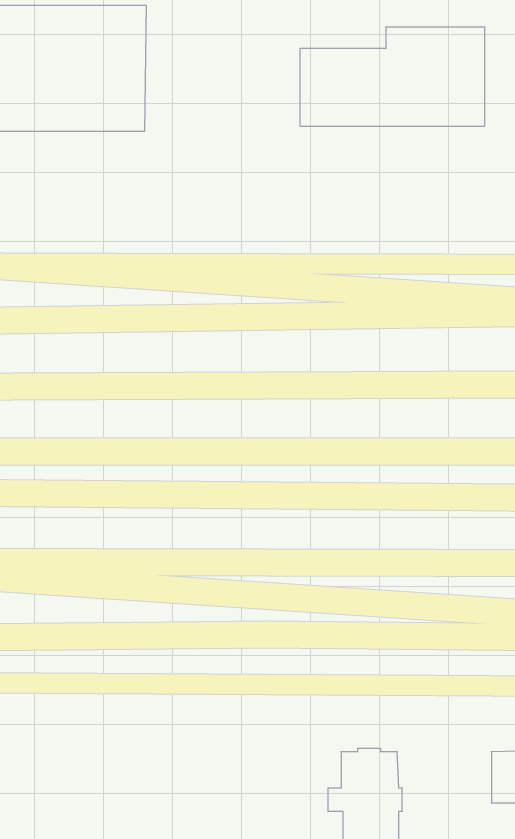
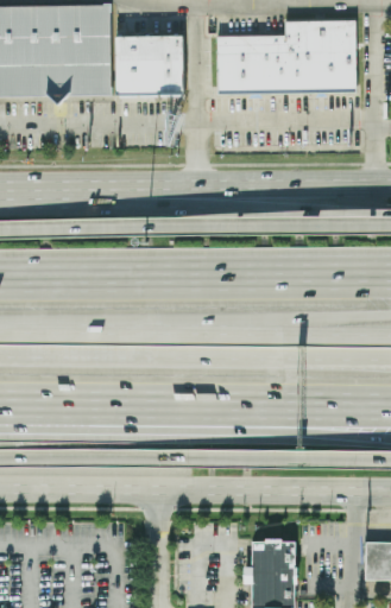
building: none -> [115,8,185,96]

